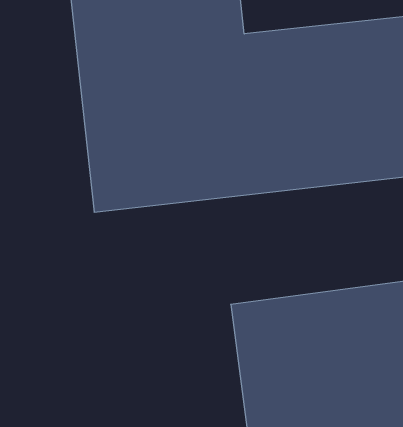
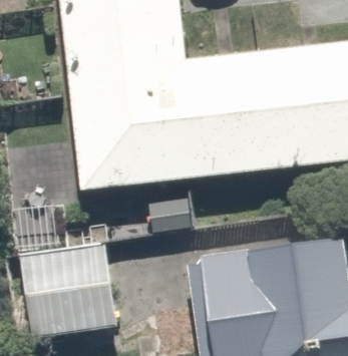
building: none -> [18,242,113,340]

